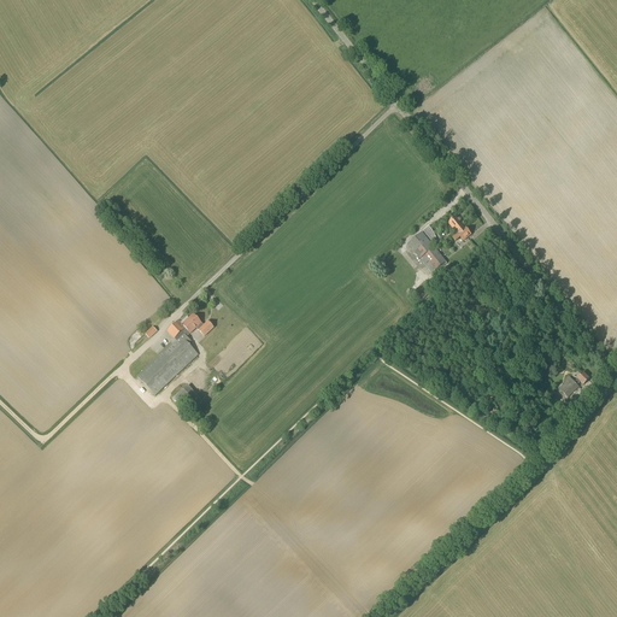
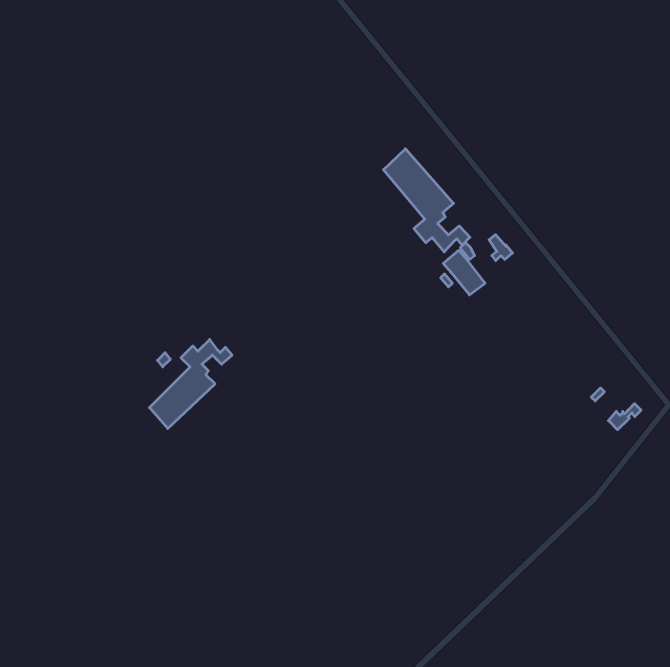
building: none -> [383,149,470,252]

